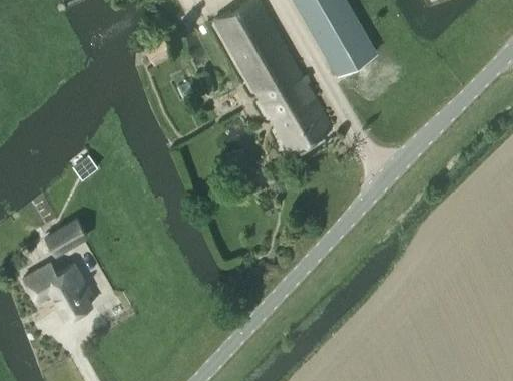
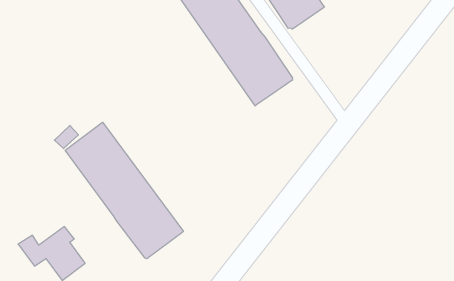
building: none -> [65,122,183,259]
building: [47,220,88,255] -> none

